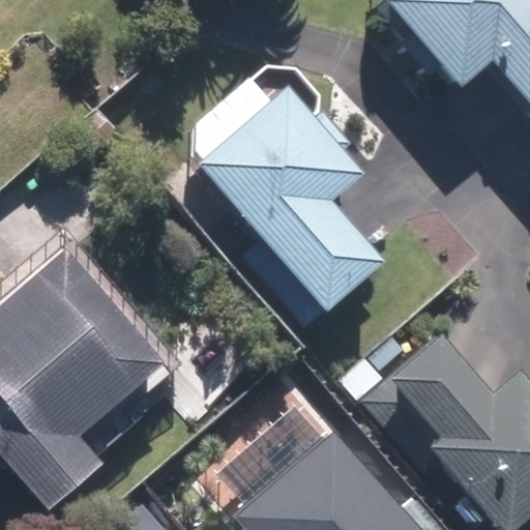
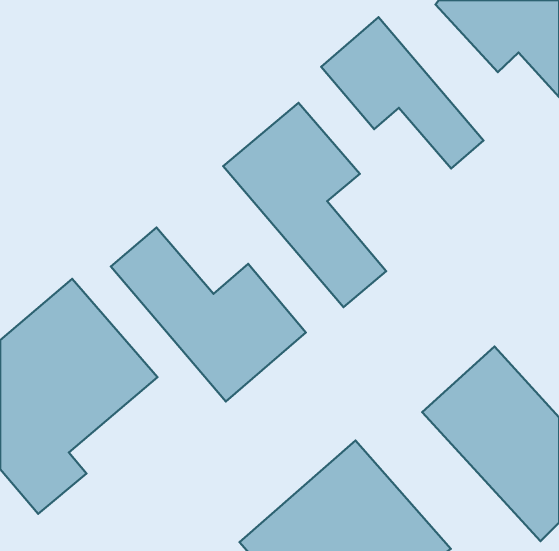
building: none -> [321,17,484,168]
building: none -> [111,228,306,401]

